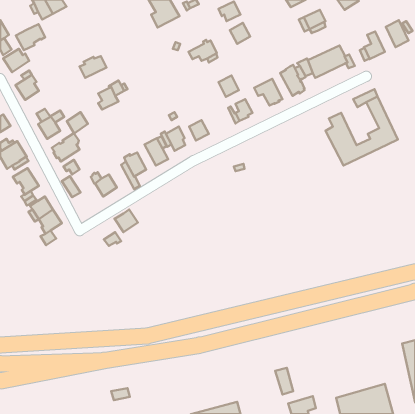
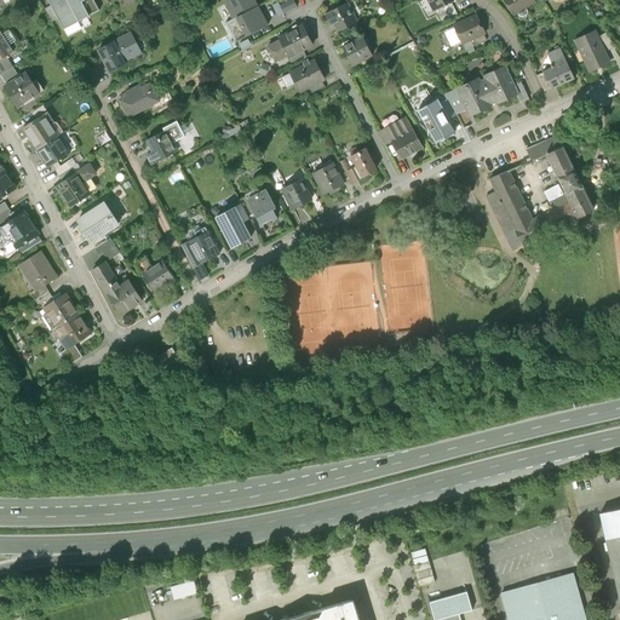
building: none -> [268,27,311,61]
building: [16,24,45,50] -> [97,33,140,71]
building: [218,76,239,97] -> [312,162,343,194]
building: [67,112,88,133] -> [38,136,69,167]
building: [114,210,138,232] -> [107,281,142,315]

